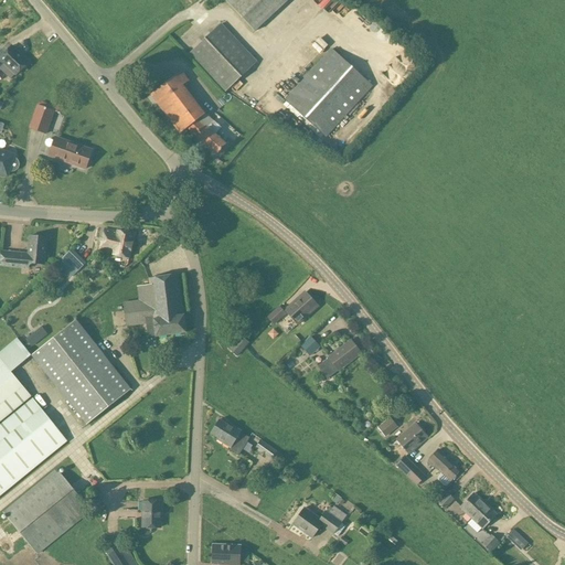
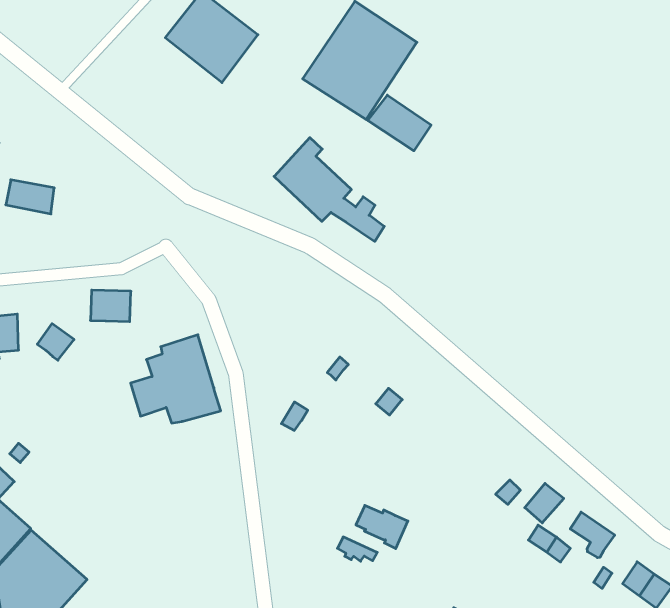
building: [150,70,225,153] -> [274,138,384,241]
building: none -> [368,95,431,151]
building: [285,291,318,323] -> none
building: [30,317,131,425] -> none
building: [318,339,361,379] -> none
building: [211,419,249,455] -> [356,505,408,549]

